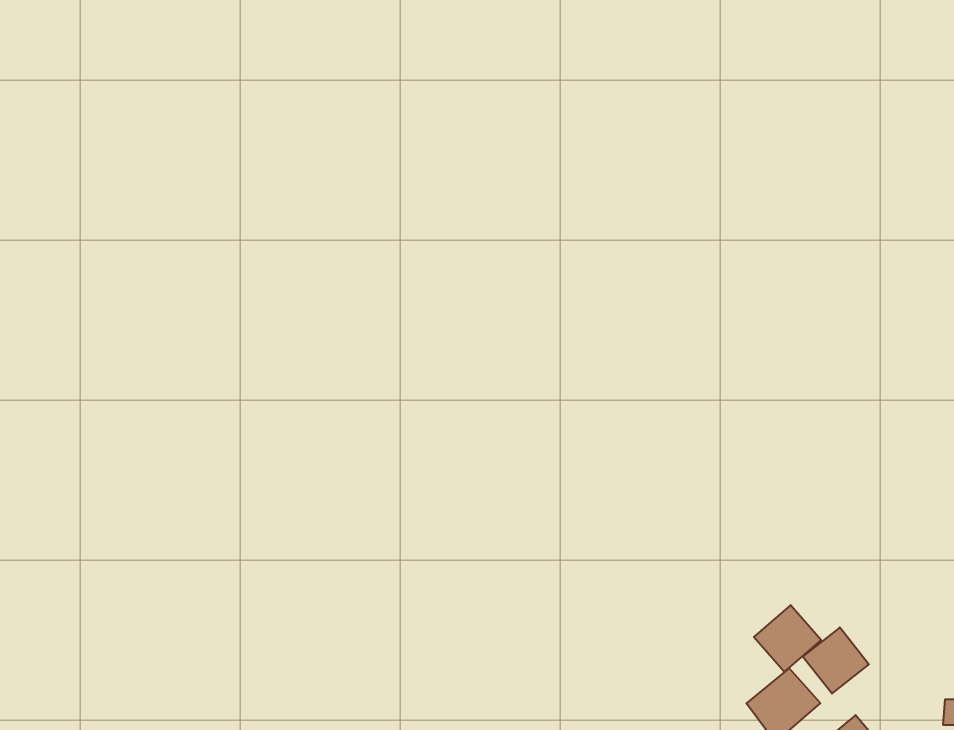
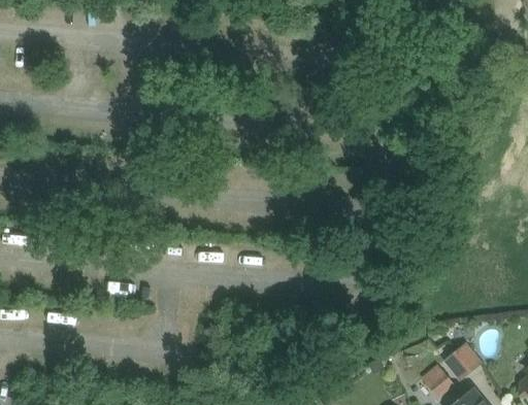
building: [754,605,821,672] -> none

